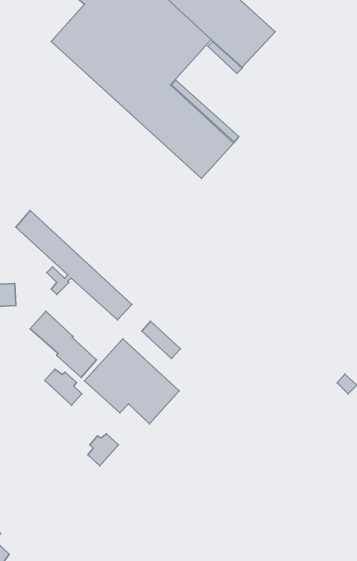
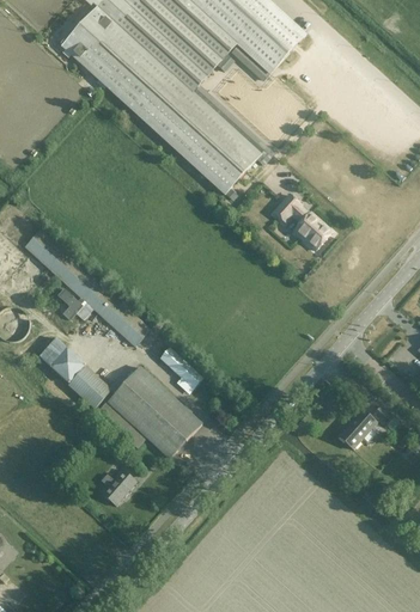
building: none -> [274,195,331,250]
building: [45,369,82,405] -> none
building: none -> [337,409,377,448]

